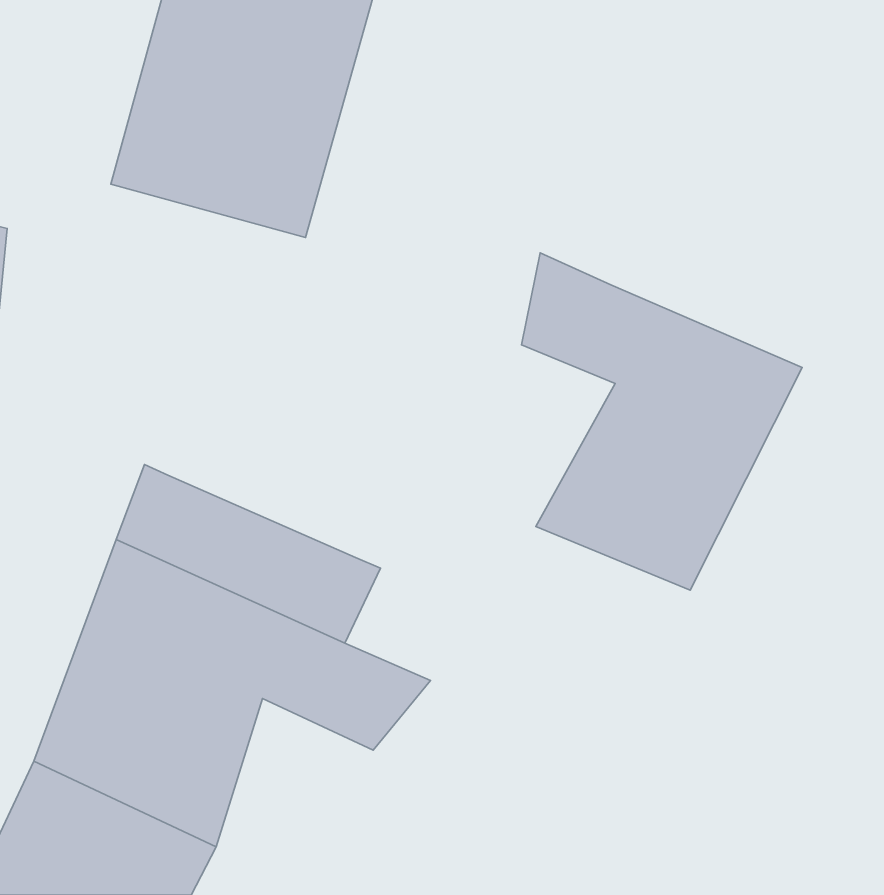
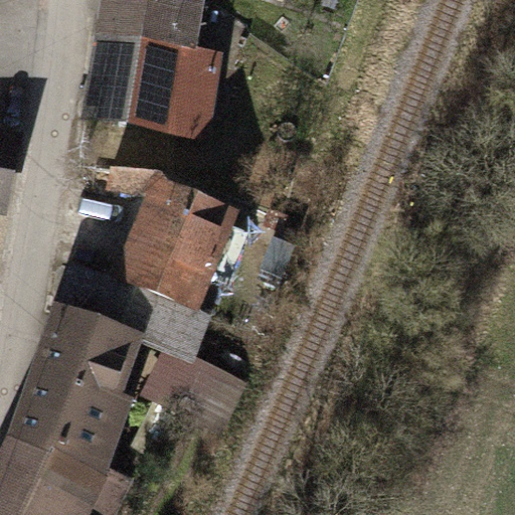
building: [521,253,802,590] -> none
building: none -> [95,161,242,314]

